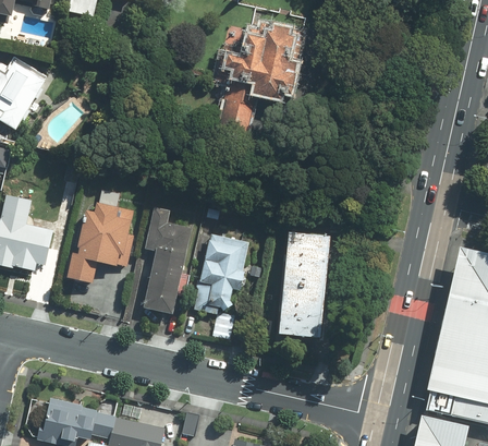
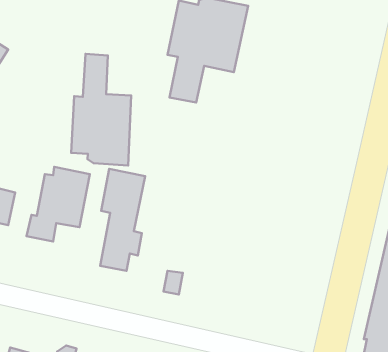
building: none -> [71,54,131,165]
building: [195,234,251,314] -> none
building: [279,234,331,339] -> none

